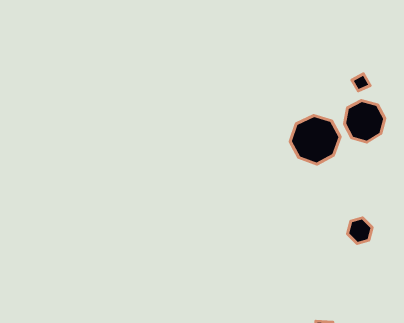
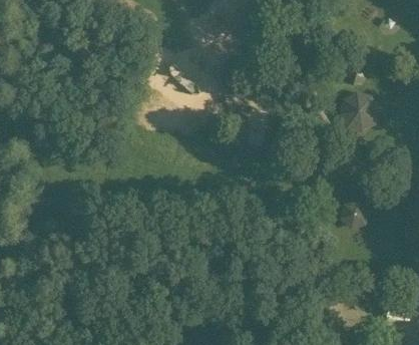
building: [290,116,340,164] -> none

